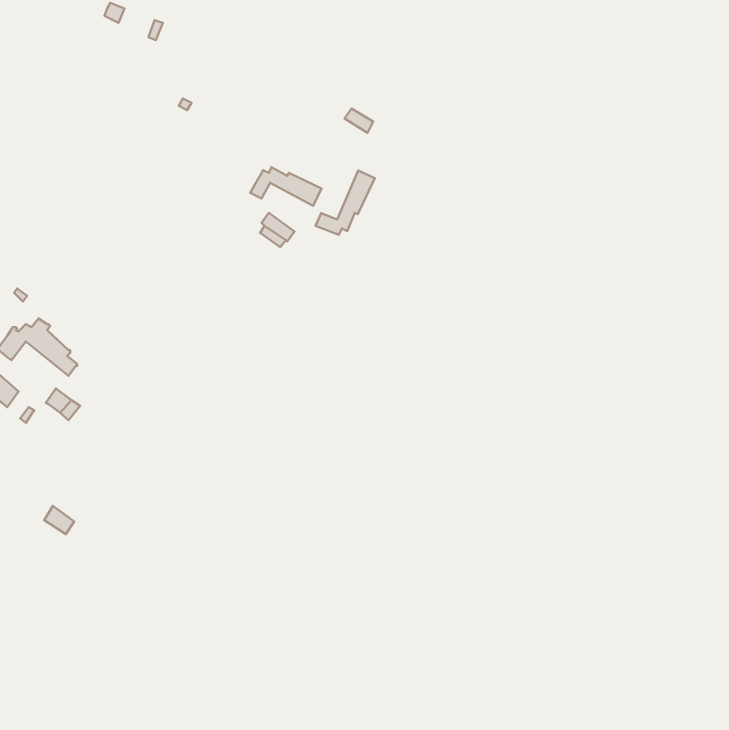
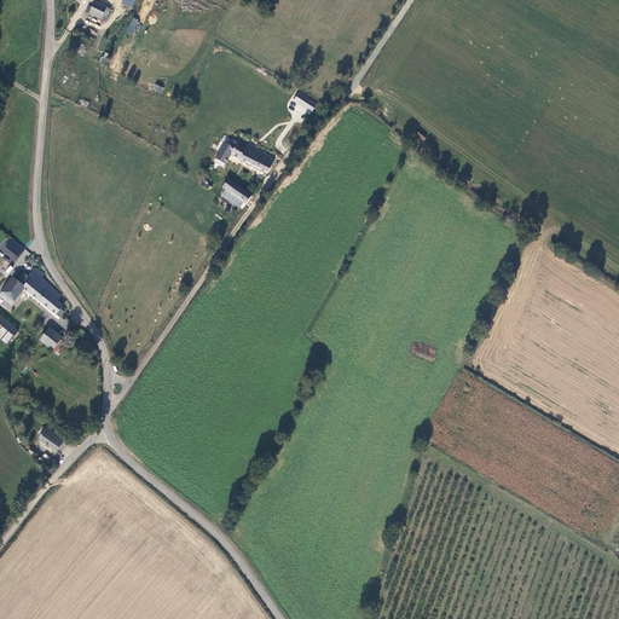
building: [315,171,375,235] -> none

